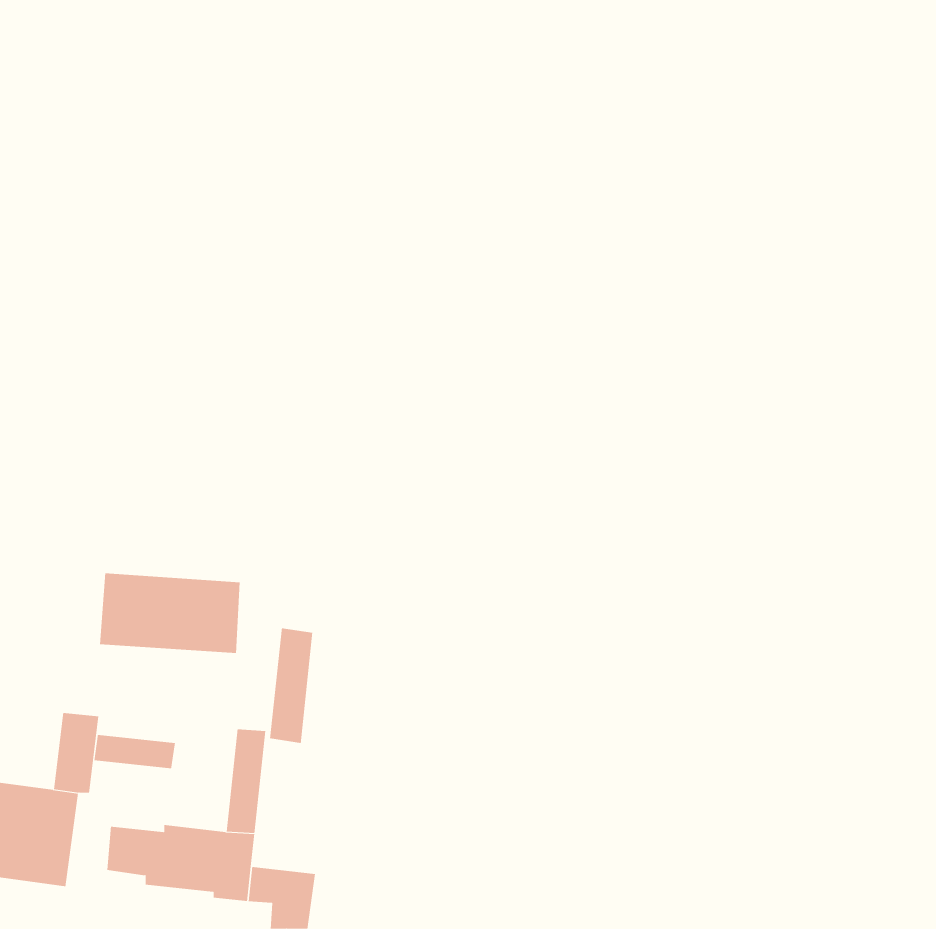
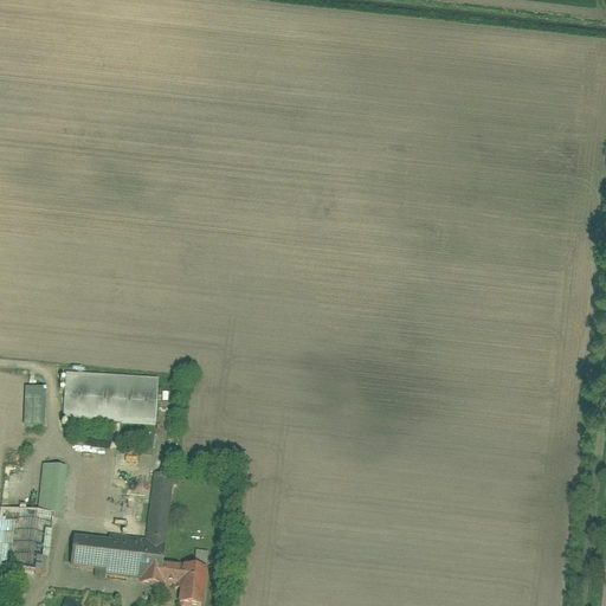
building: none -> [27,385,49,424]
building: [270,627,313,744] -> none
building: [94,734,176,769] -> none

